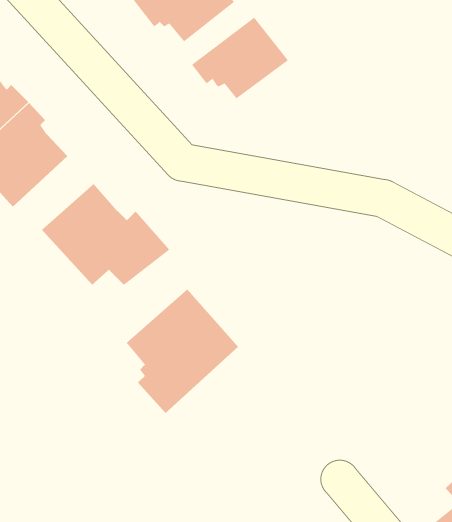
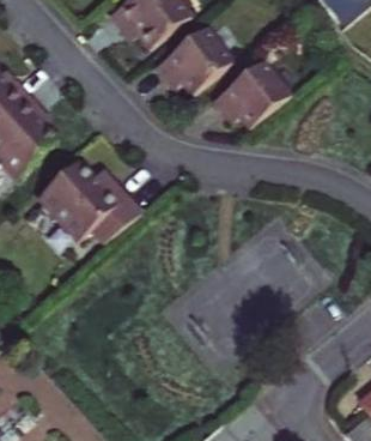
building: none -> [213,60,290,126]
building: [126,288,239,414] -> none

